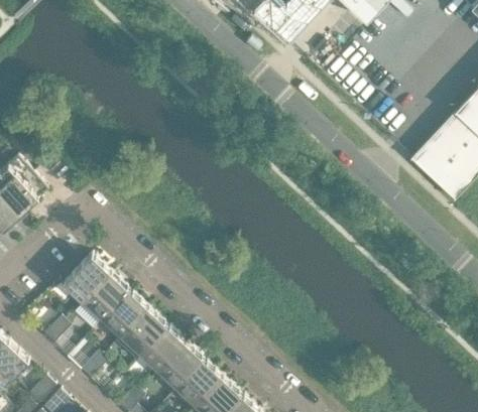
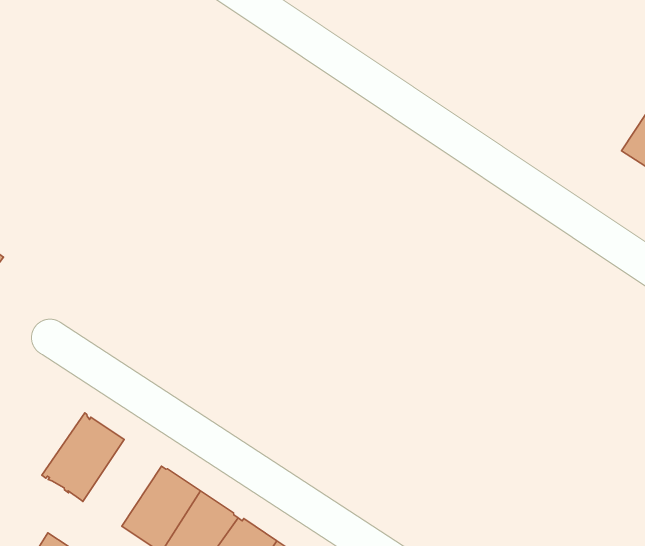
building: [82,272,128,319] -> none

